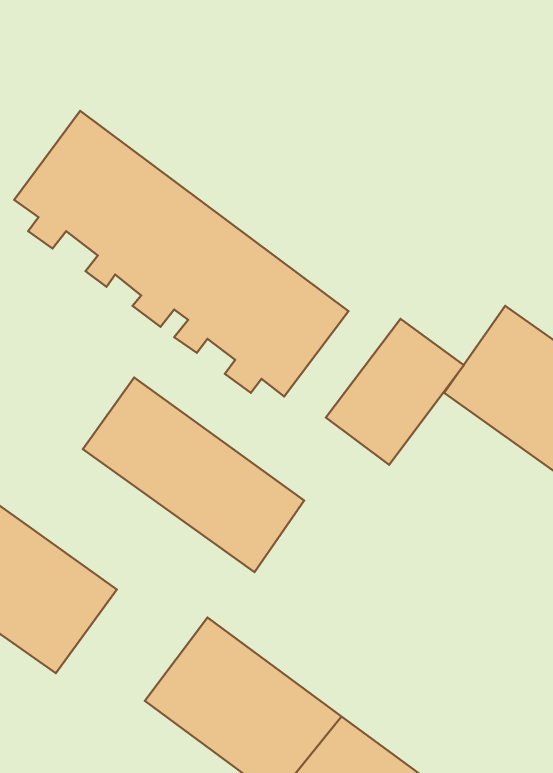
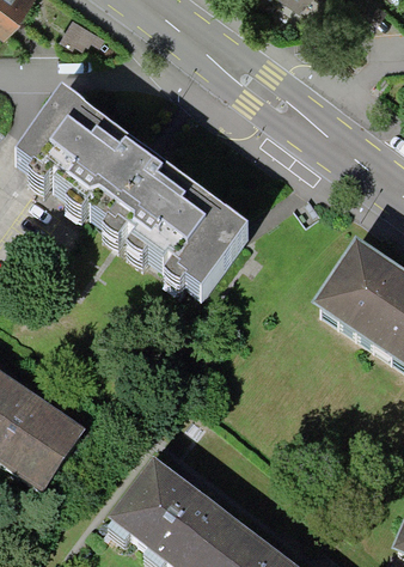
building: [326,319,464,465] -> none
building: [83,378,304,572] -> none

